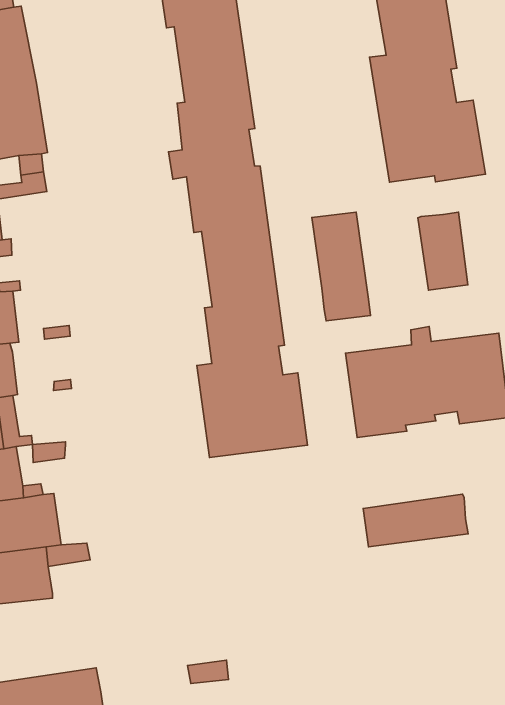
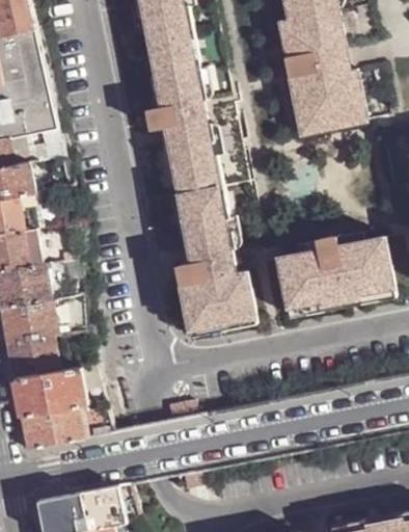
building: [418,212,468,290] -> none
building: [312,212,370,321] -> none
building: [363,494,468,547] -> none

